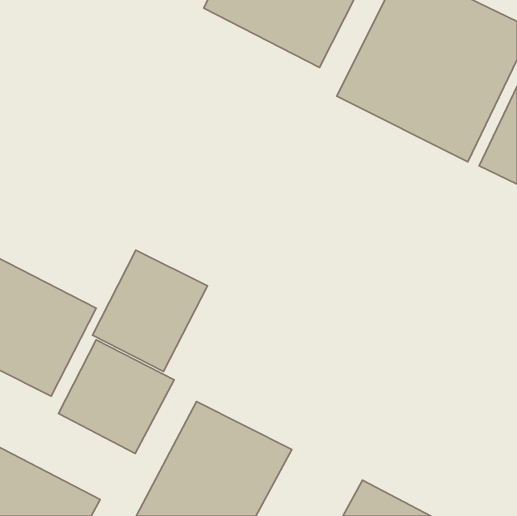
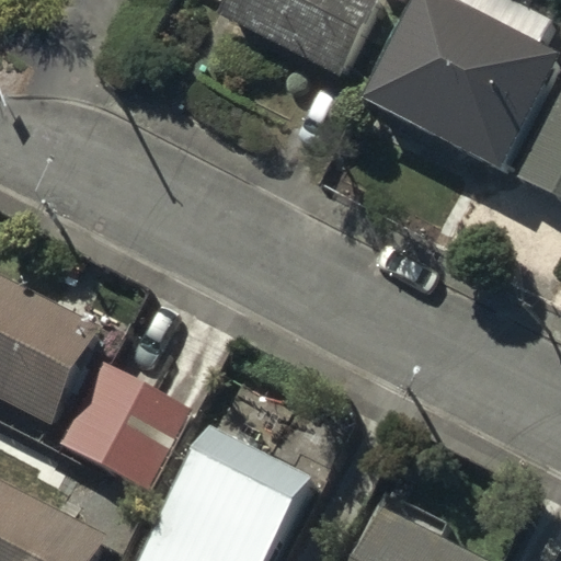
building: [92,250,208,372] -> none

